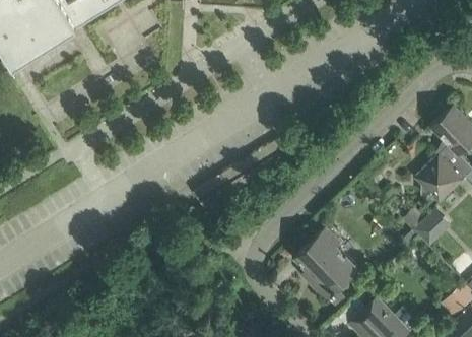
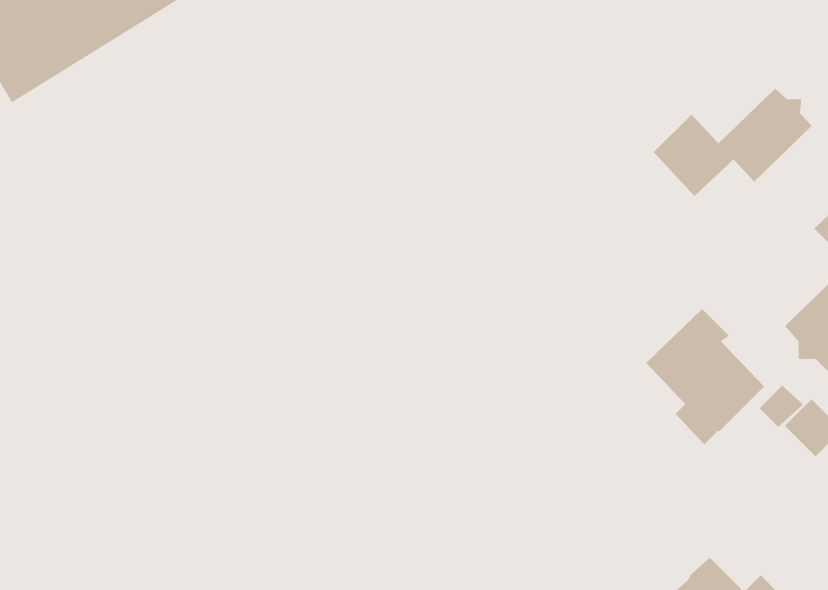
building: none -> [653,88,813,197]
building: [297,228,359,299] -> [645,308,765,445]

